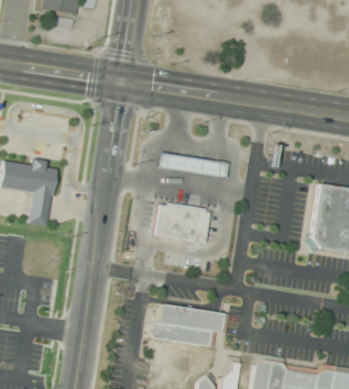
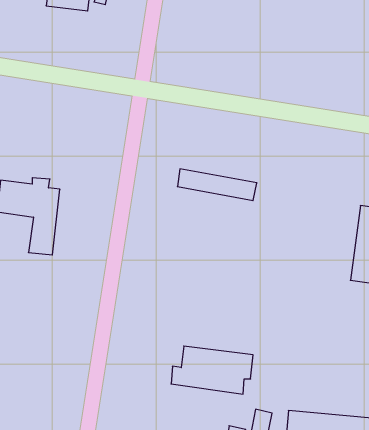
building: [155,201,211,243] -> none

